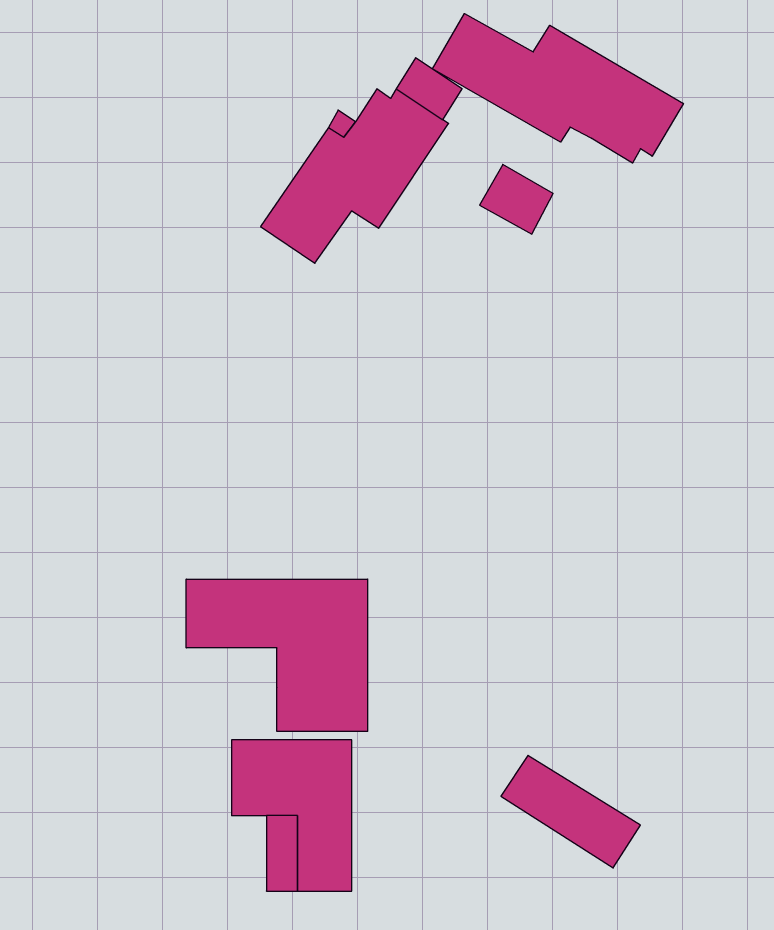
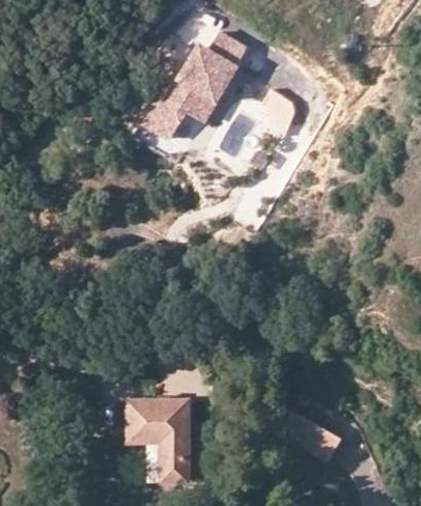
building: [432,14,683,163] -> none
building: [186,579,368,731] -> none

